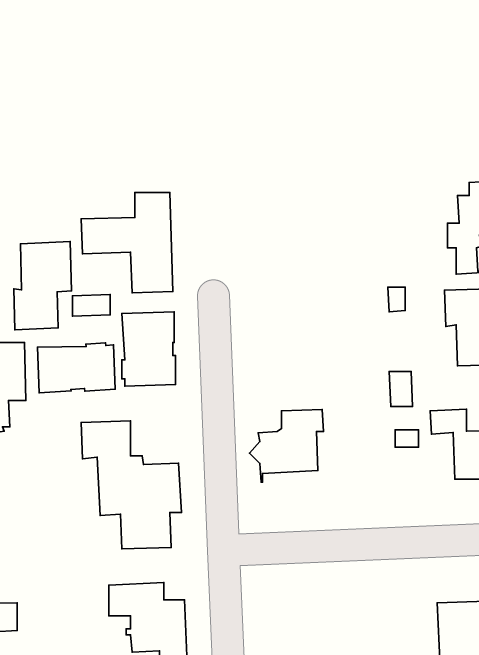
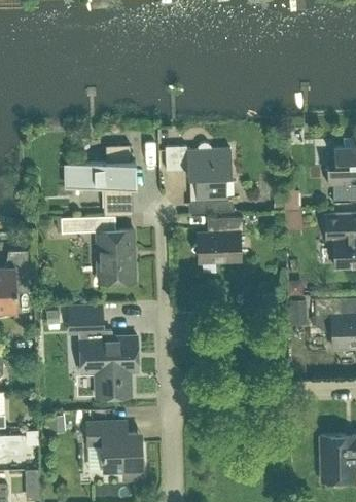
building: none -> [166,143,240,202]
building: [14,242,72,330] -> none
building: [37,343,115,393] -> none
building: [250,410,324,482] -> [191,218,244,270]

